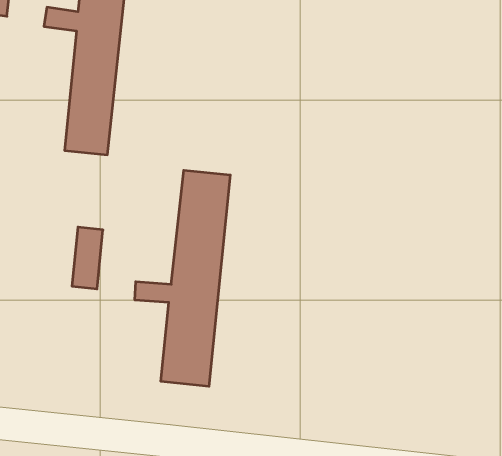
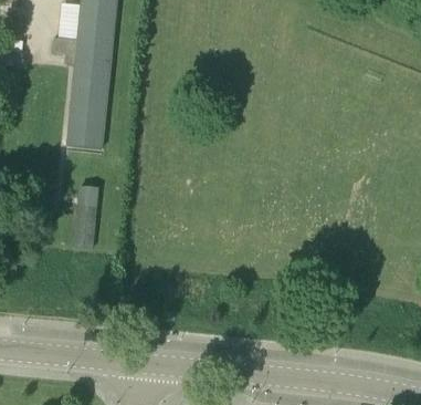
building: [135,170,230,386] -> none

